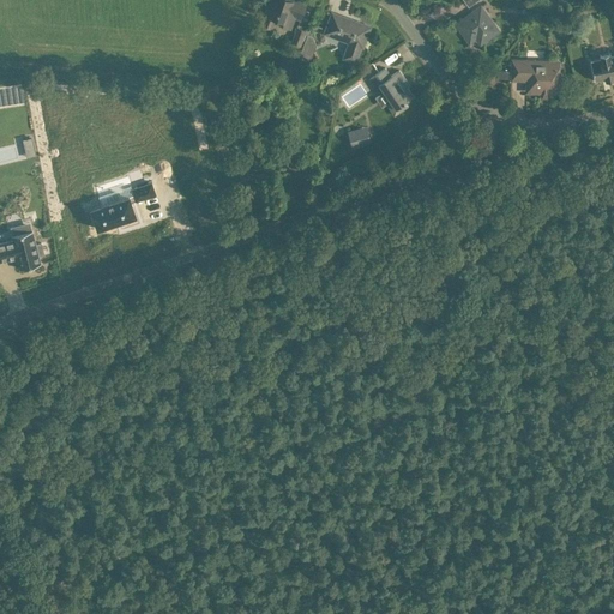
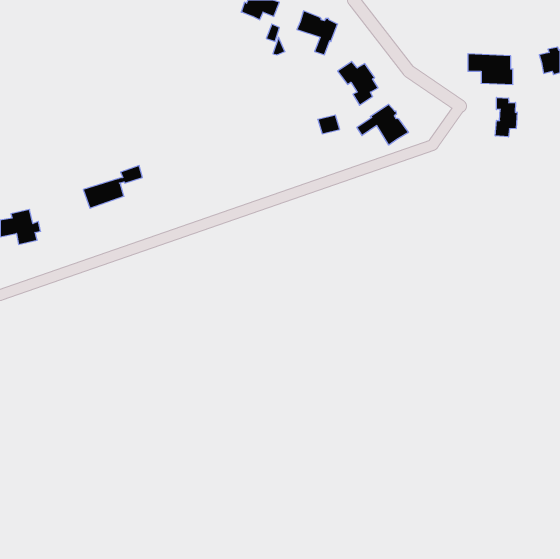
building: [457,7,499,43] -> none
building: none -> [495,97,517,137]
building: none -> [357,104,408,145]

